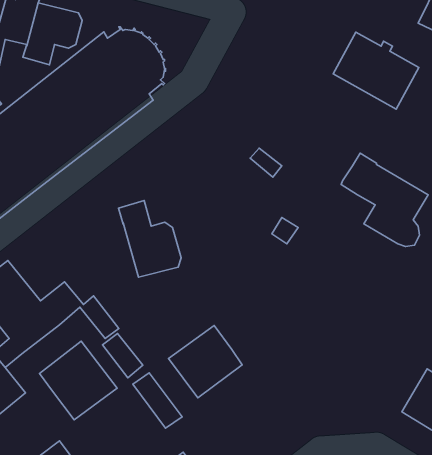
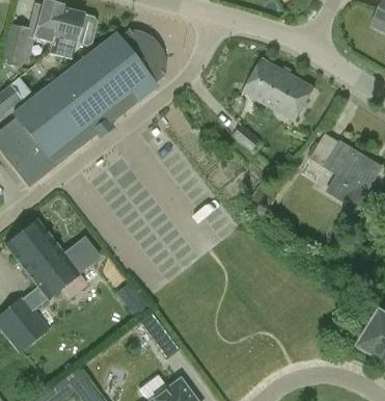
building: [333,32,419,109] -> [243,57,313,121]
building: [118,200,181,277] -> none
building: [169,325,242,398] -> none
building: [40,341,117,420] -> none

